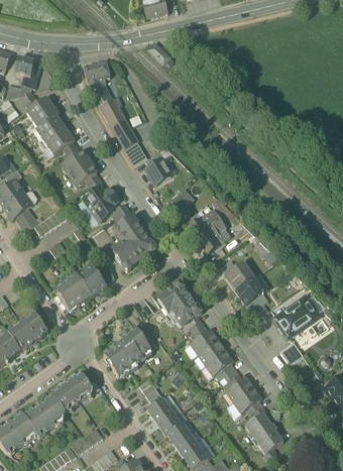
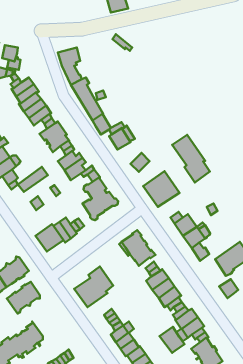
building: none -> [172,135,210,183]
building: [51,372,92,410] -> [7,282,40,313]
building: none -> [159,327,184,353]

